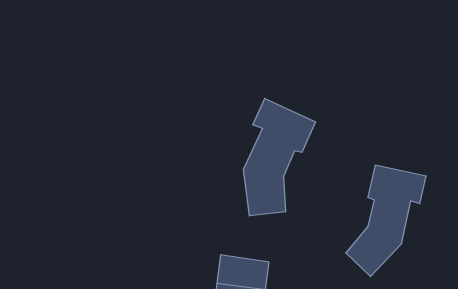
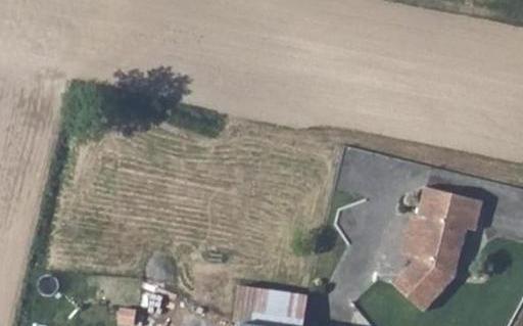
building: [243,98,316,216] -> none

